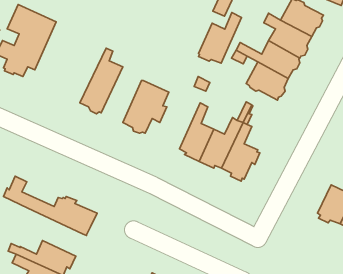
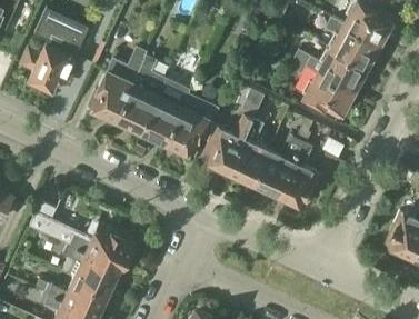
building: [198,13,242,63] -> [204,114,253,172]
building: none -> [91,47,148,120]
building: none -> [141,79,190,142]
building: none -> [53,240,120,295]

